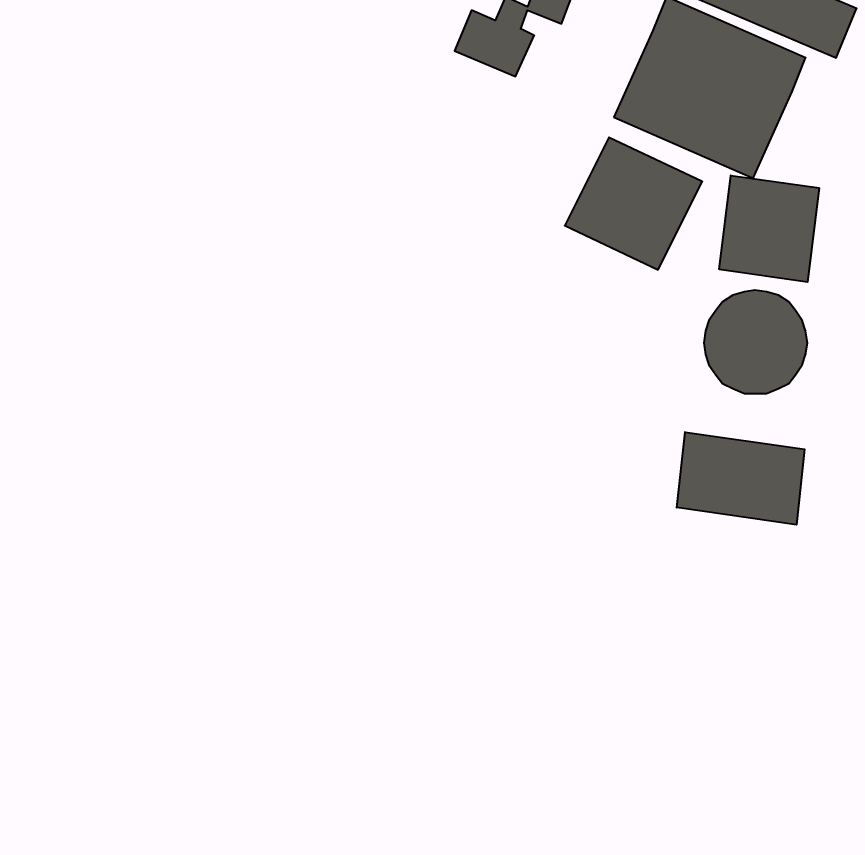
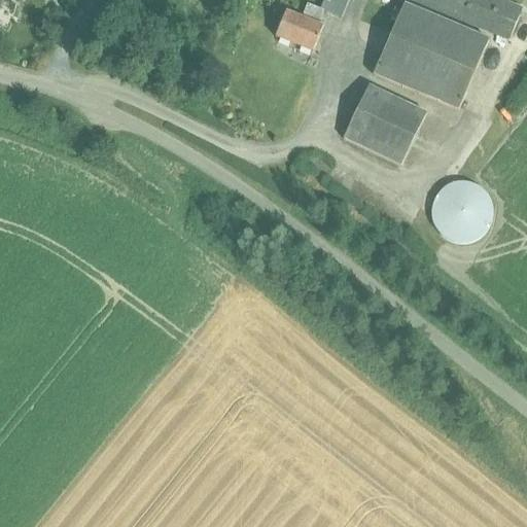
building: [719,175,819,282] -> none
building: [677,432,805,525] -> none

